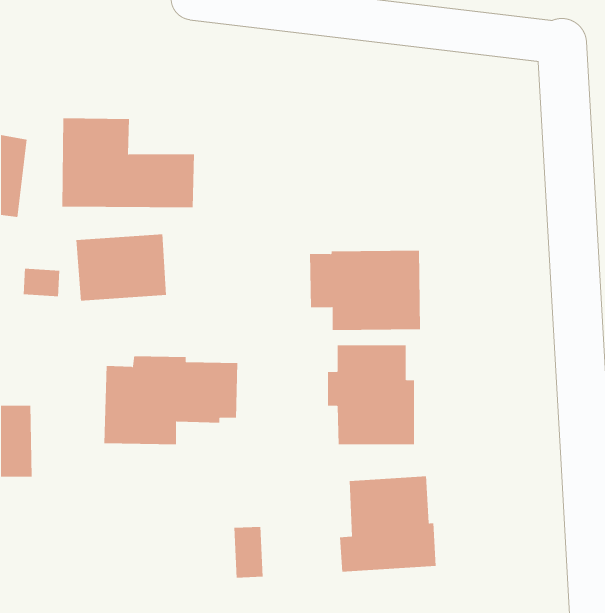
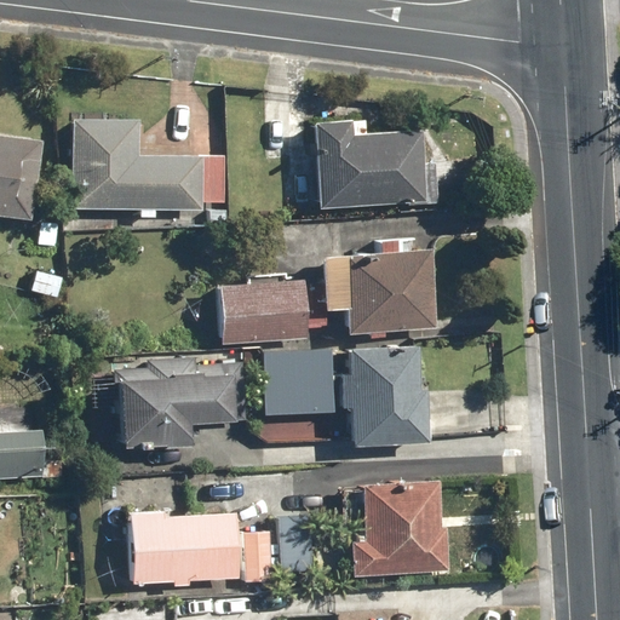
building: none -> [312,120,438,208]
building: [75,234,167,301] -> [218,280,310,348]
building: none -> [263,349,335,417]
building: none -> [126,512,242,584]

